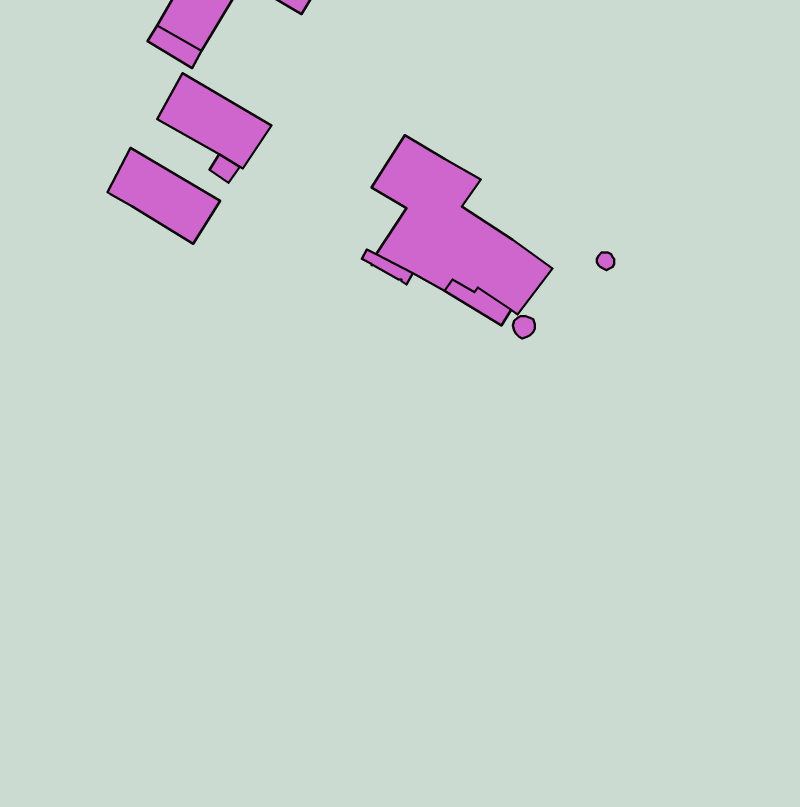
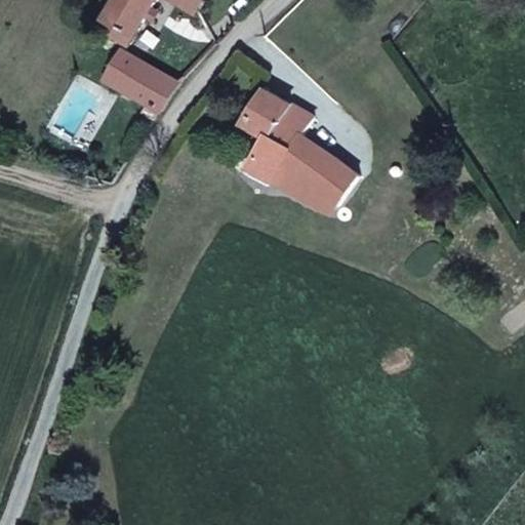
building: [108,148,220,244] -> none

